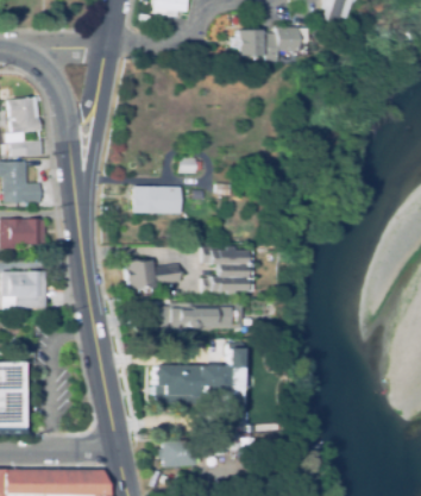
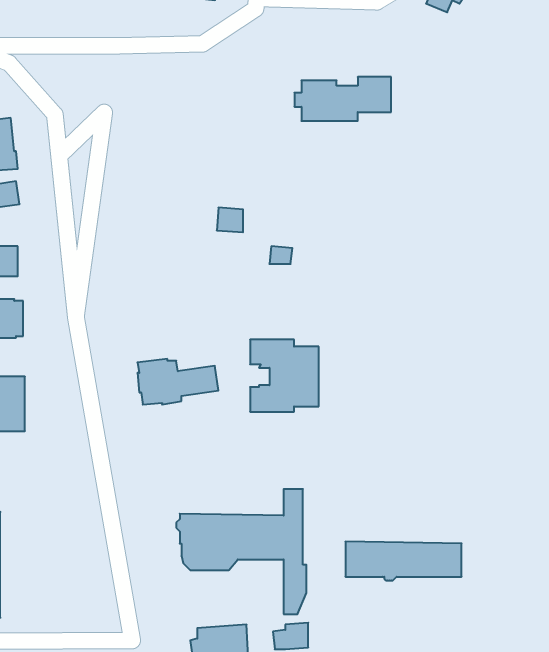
building: [230,27,295,57] -> [294,77,391,121]
building: [133,187,180,214] -> none
building: [159,304,238,331] -> [345,542,462,580]

